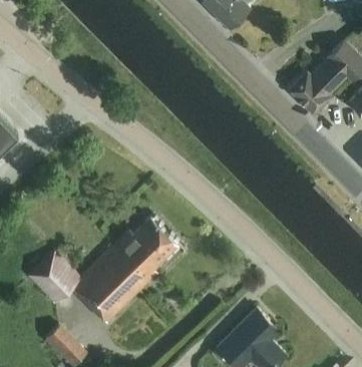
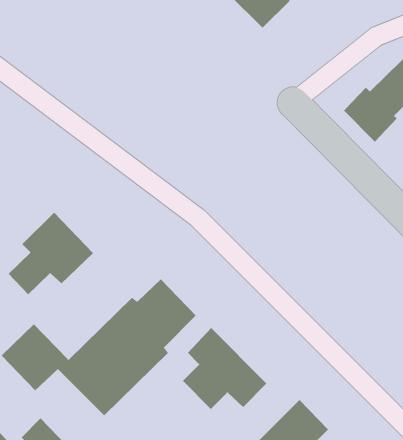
building: none -> [8,212,94,295]
building: none -> [182,327,267,410]

